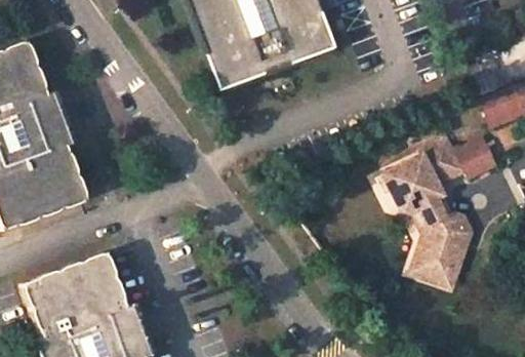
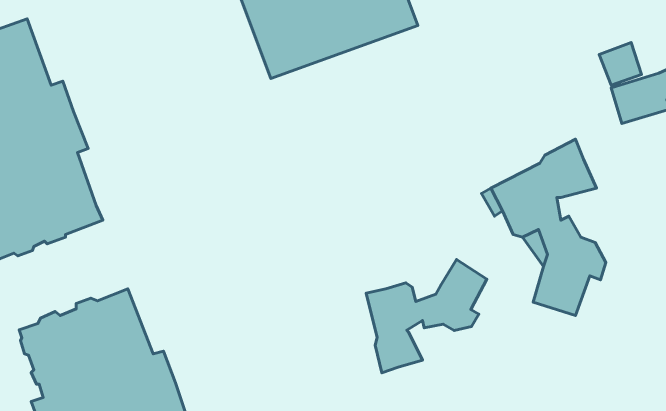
building: [456,138,495,177] -> none
building: none -> [366,260,487,373]
building: [412,242,470,289] -> none

